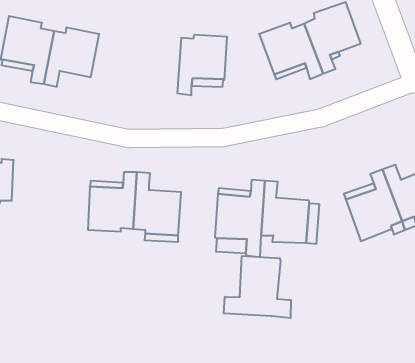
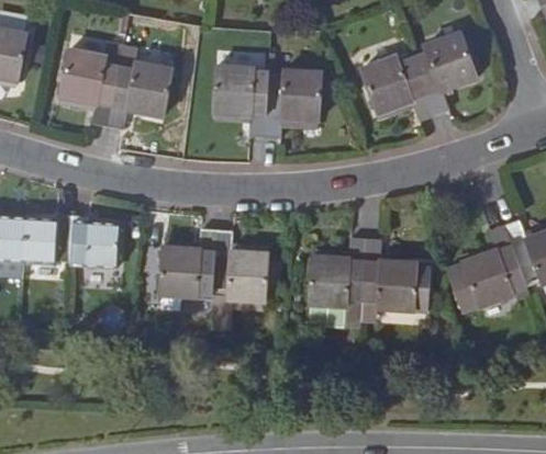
building: none -> [212,66,268,137]
building: none -> [70,215,121,270]
building: [224,256,291,318] -> none

